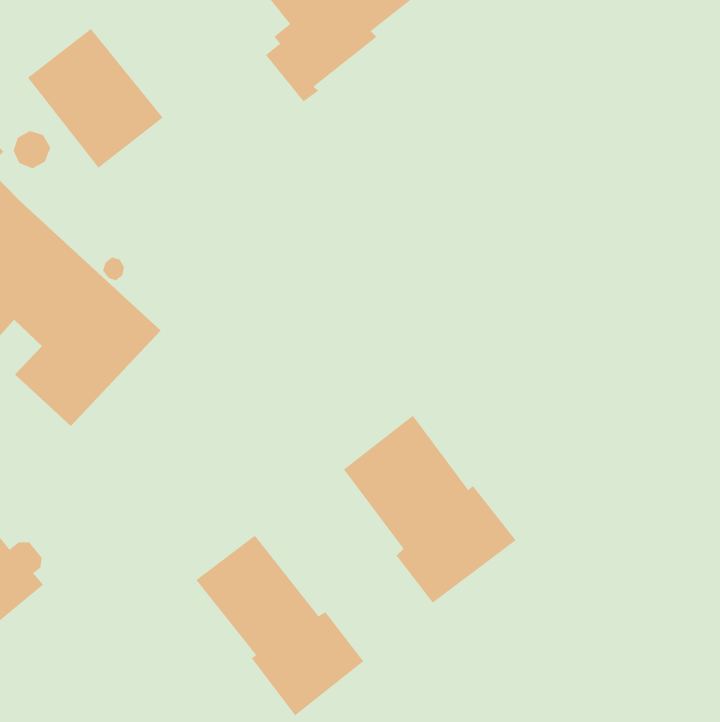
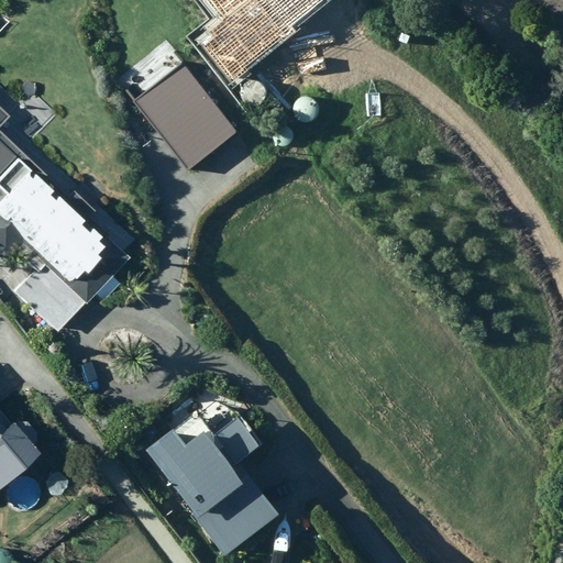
building: [27,28,163,169] -> [133,66,239,175]
building: [343,415,517,604] -> none

